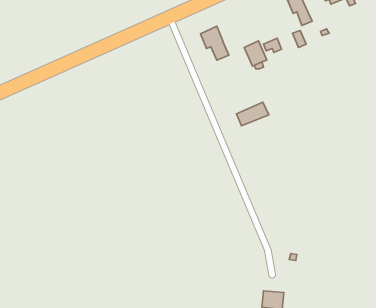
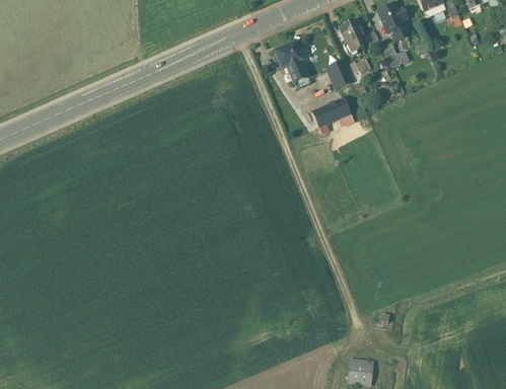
building: none -> [340,20,364,55]
building: [236,102,269,126] -> [312,98,351,127]

